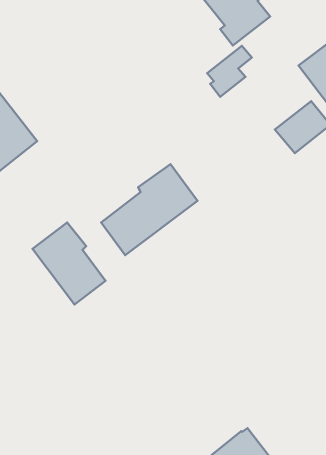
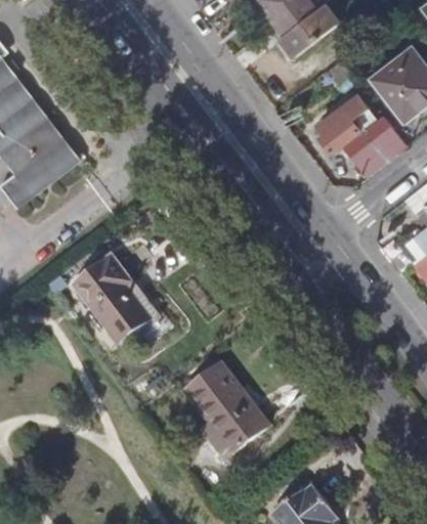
building: [207,46,252,97] -> [318,94,369,151]
building: [101,164,197,255] -> none
building: none -> [186,363,267,457]

